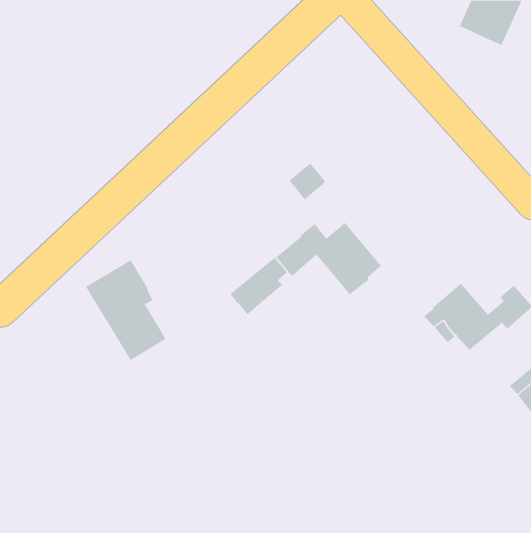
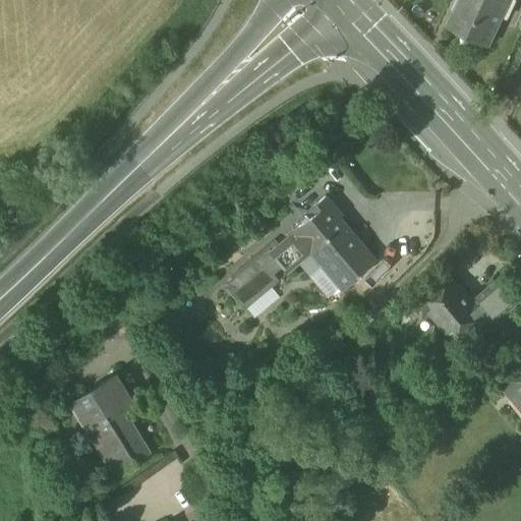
building: [289,163,326,200] -> [305,195,342,232]
building: [85,260,167,361] -> [71,374,151,473]

